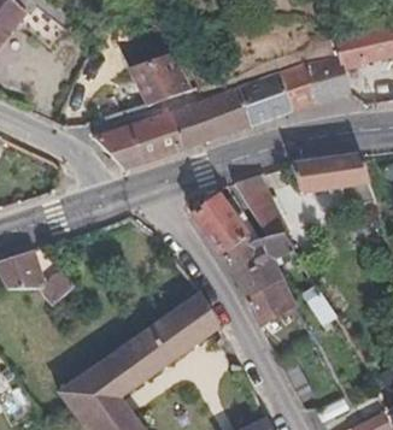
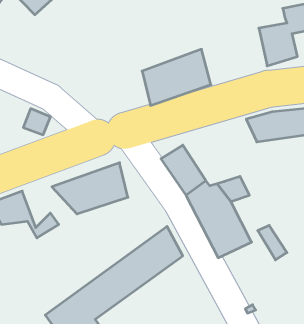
building: [135,48,193,102] -> none
building: [241,60,317,125] -> none
building: [94,110,182,169] -> [52,163,128,214]
building: [235,175,286,237] -> none

